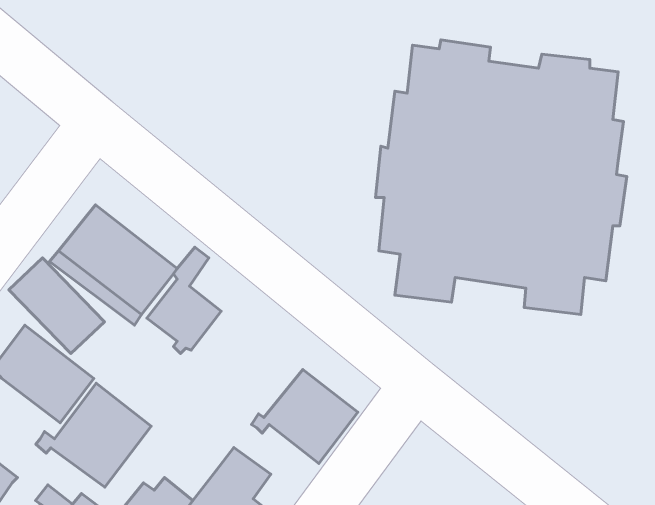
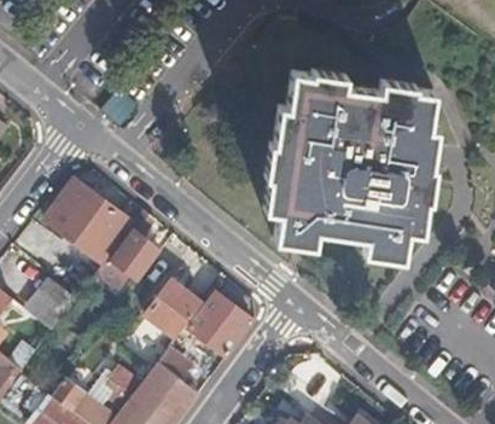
building: none -> [142,278,202,337]
building: [36,383,151,487] -> none

